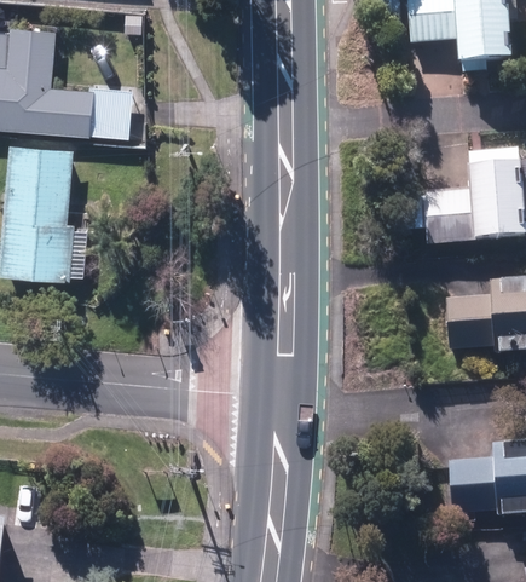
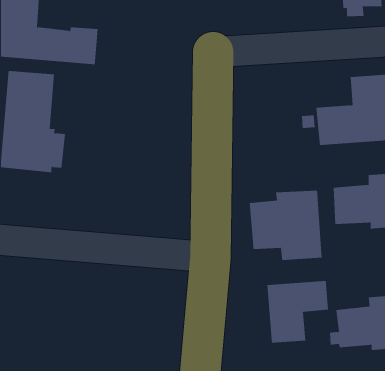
building: none -> [249,190,322,261]
building: none -> [267,280,329,343]

